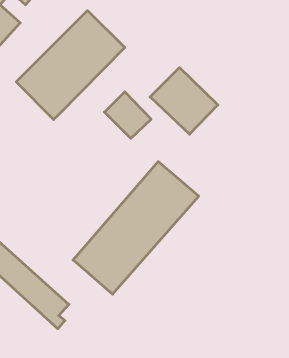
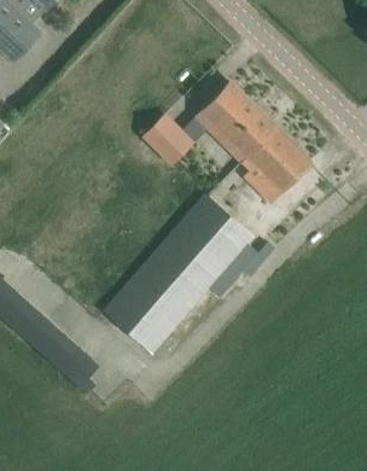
building: [16,11,125,120] -> none
building: none -> [243,127,310,202]

